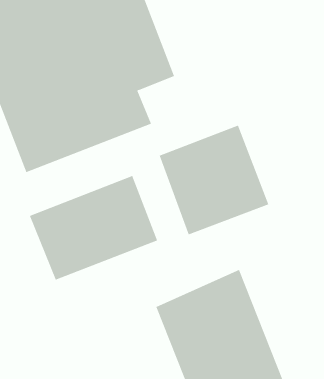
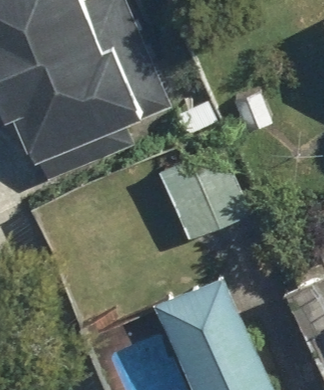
building: [29,175,158,280] -> none

